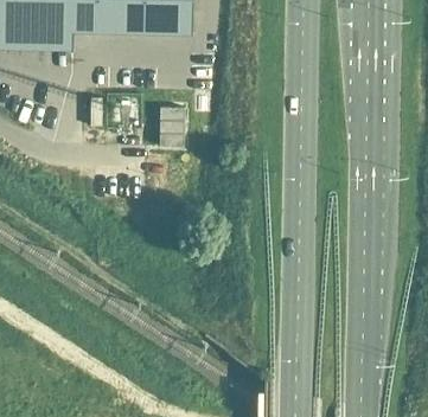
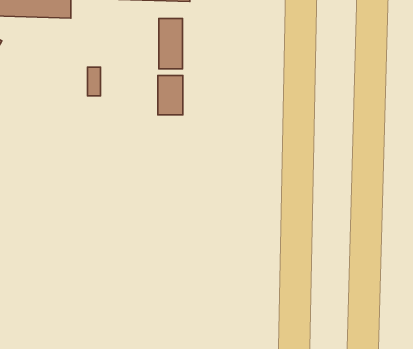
building: none -> [159,18,183,69]

